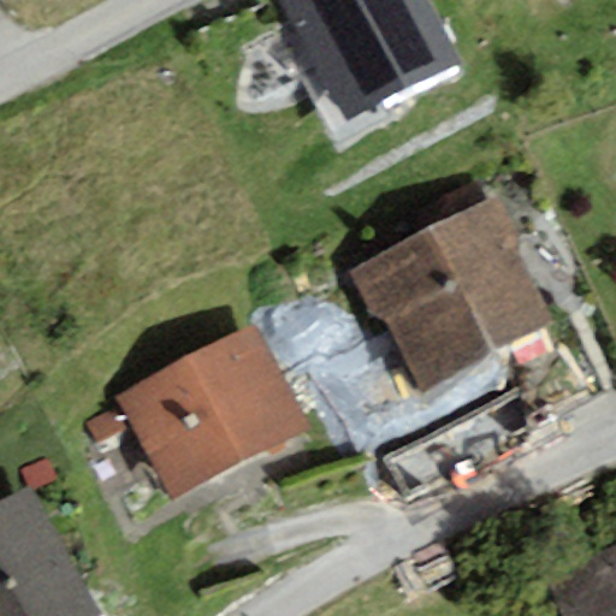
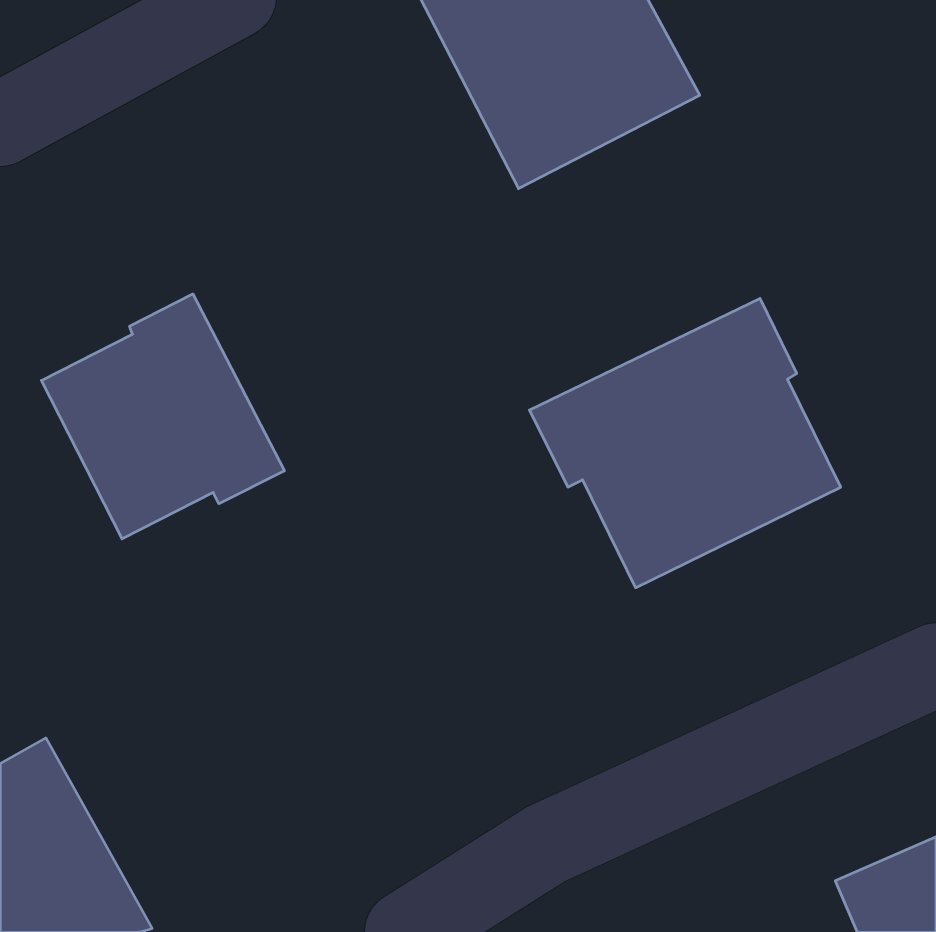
building: none -> [41,294,284,539]
building: [117,324,309,498] -> none

